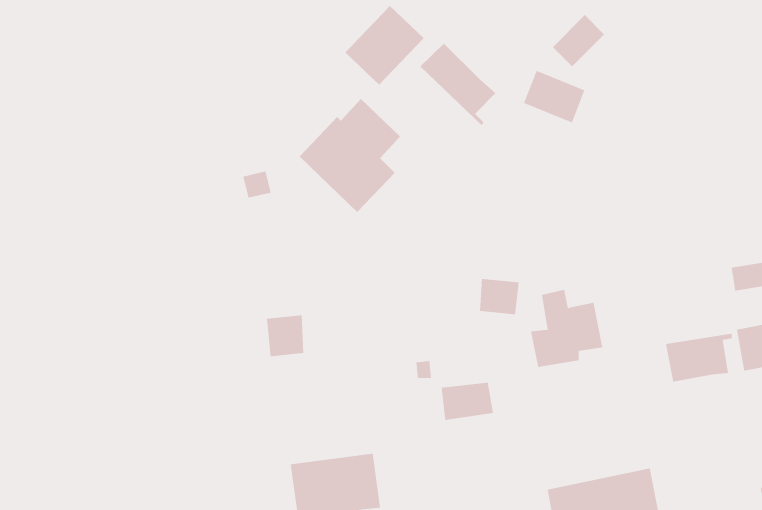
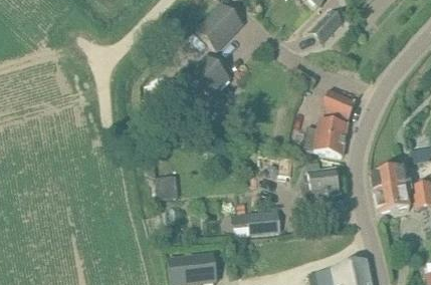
building: [419,43,496,126] -> none
building: [523,70,585,123] -> [322,89,357,118]
building: none -> [304,117,349,155]
building: none -> [372,166,412,192]

